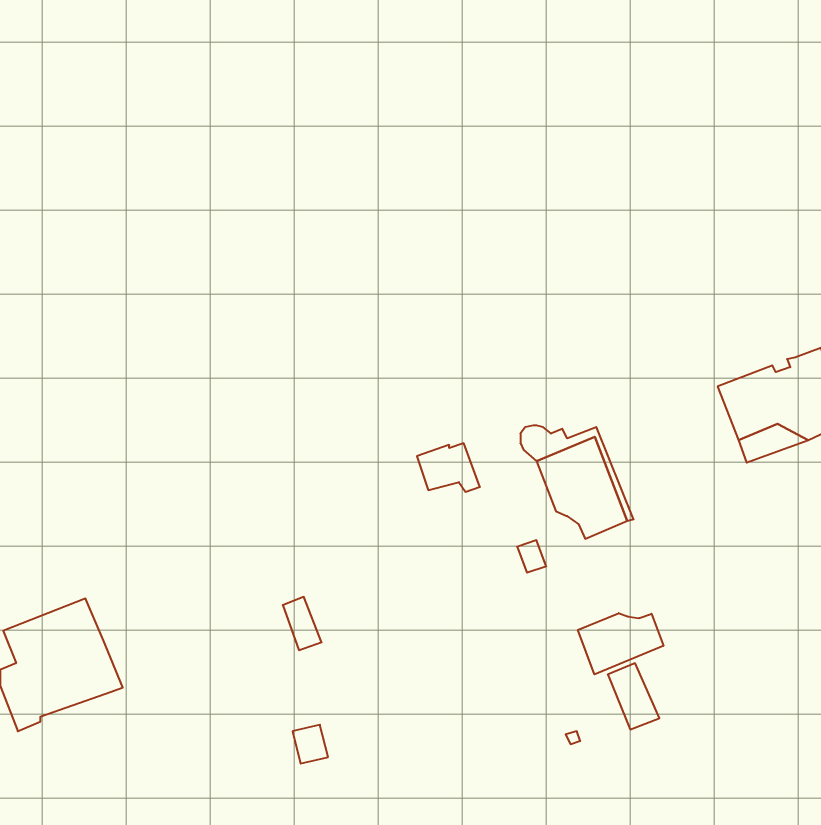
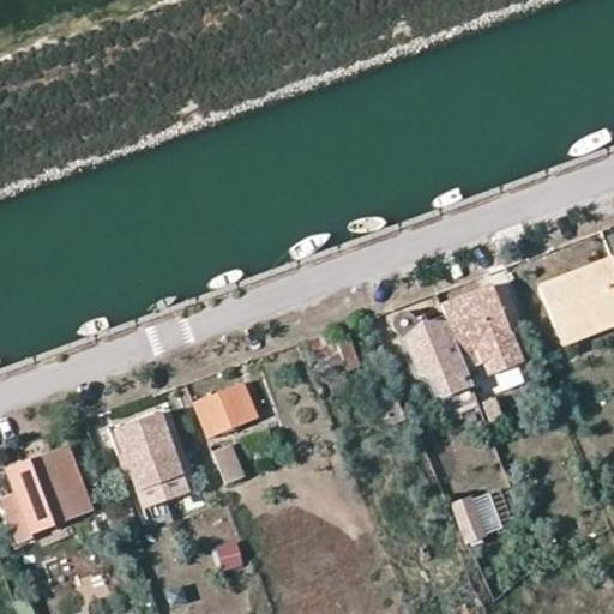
building: none -> [446,287,528,377]
building: none -> [194,383,259,438]
building: none -> [116,411,192,505]
building: [578,613,663,674] -> none

